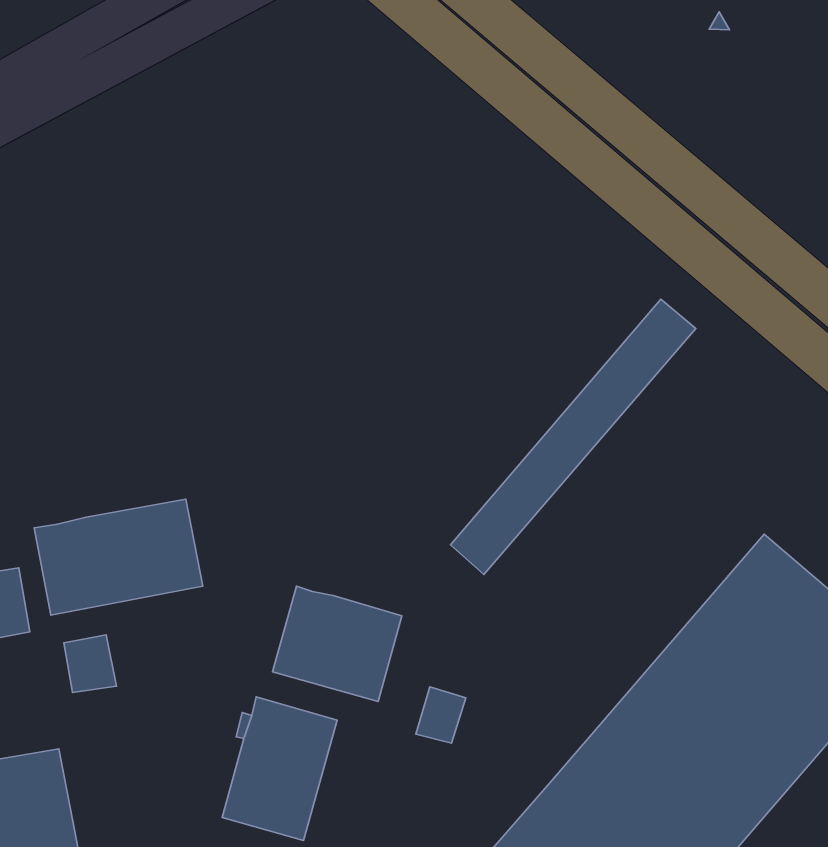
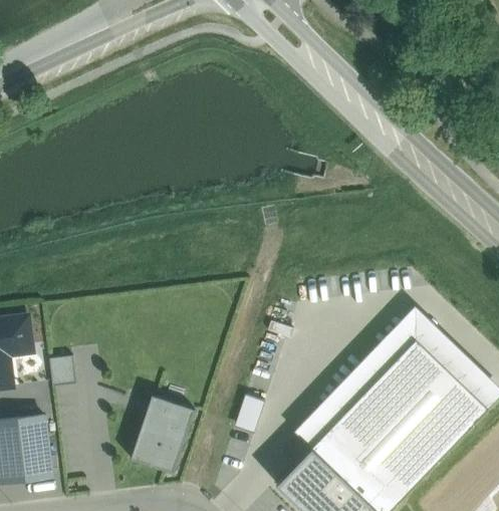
building: [451,299,696,574] -> [293,306,433,450]
building: [34,499,203,615] -> none
building: [273,586,402,701] -> none

